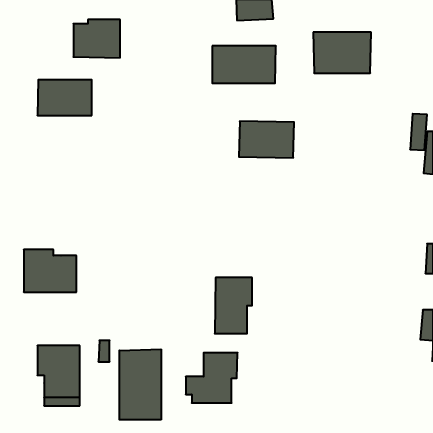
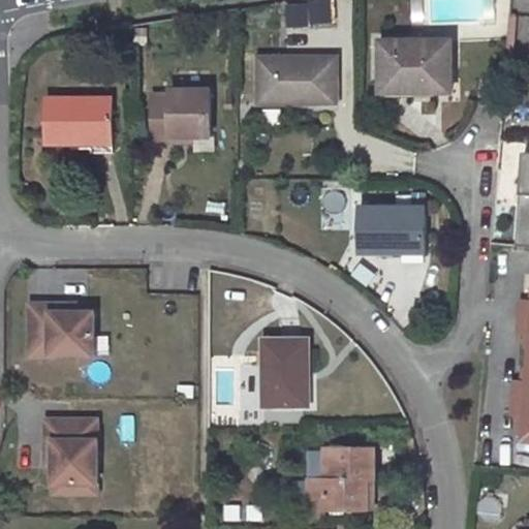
building: [73,20,120,58] -> [153,91,210,137]
building: [239,121,294,158] -> [359,206,426,250]
building: [119,349,161,420] -> none
building: [186,353,238,403] -> [308,448,371,509]

